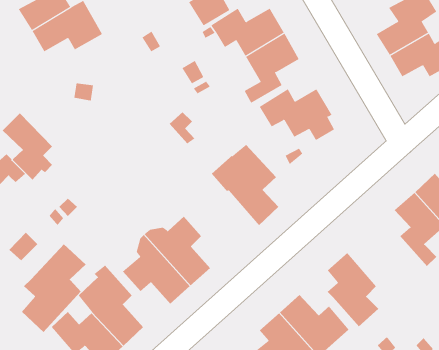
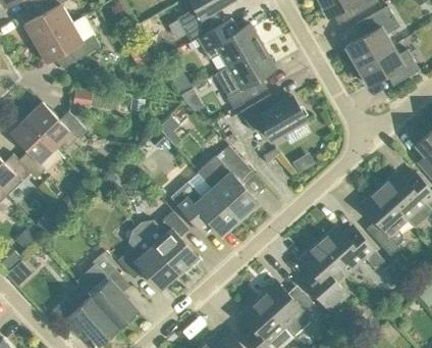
building: none -> [25,102,87,148]
building: none -> [170,181,239,236]
building: none -> [319,225,384,274]
building: [21,243,86,333] -> none

